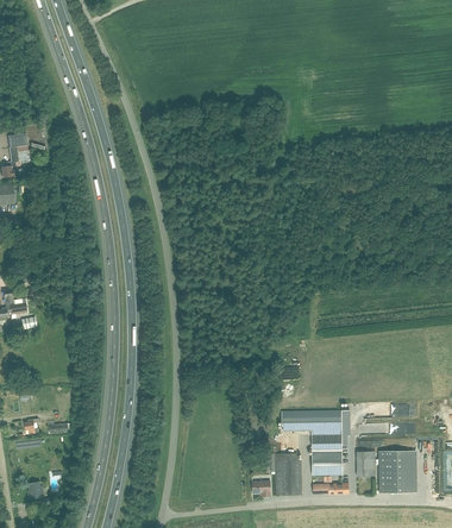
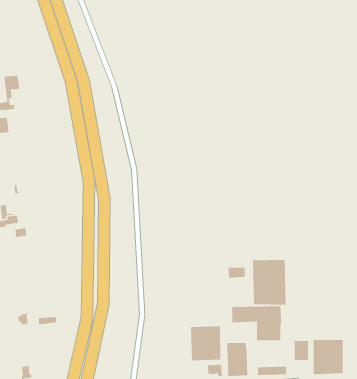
building: none -> [252,259,287,306]
building: none -> [190,326,221,361]
building: [310,452,341,474] -> none

